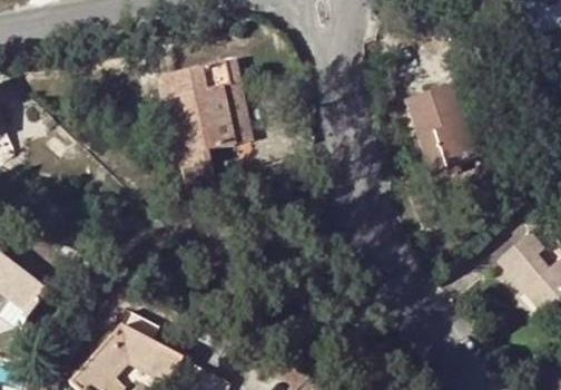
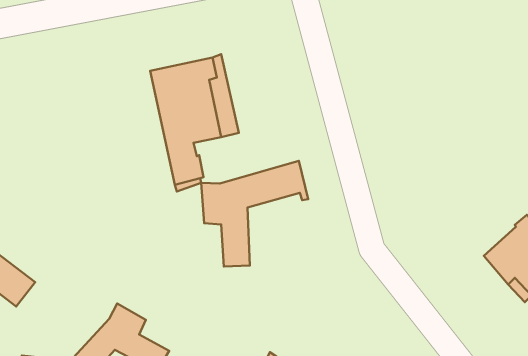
building: [406,85,479,173] -> none
building: none -> [201,161,308,266]

